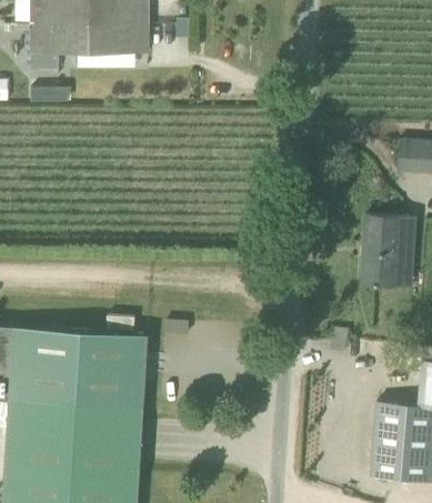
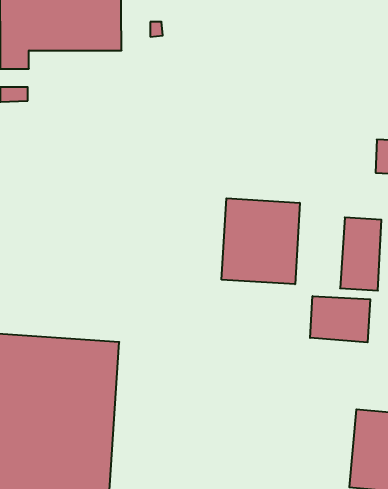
building: none -> [222,198,300,284]
building: none -> [310,296,370,342]

